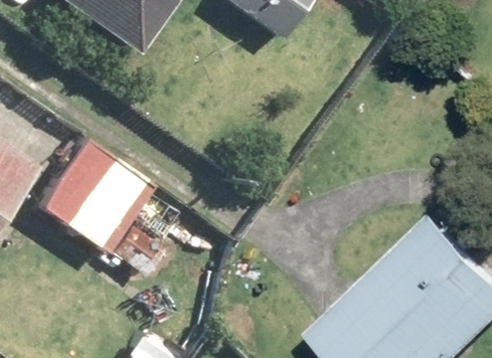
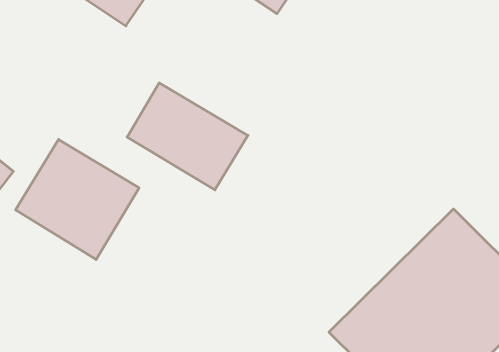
building: none -> [127,83,248,190]

